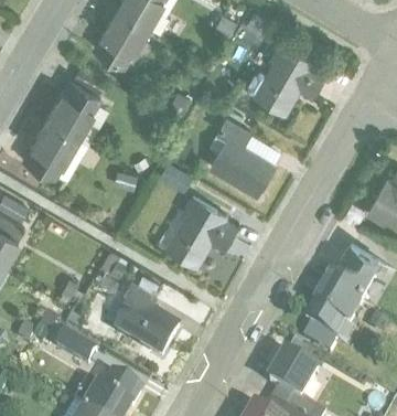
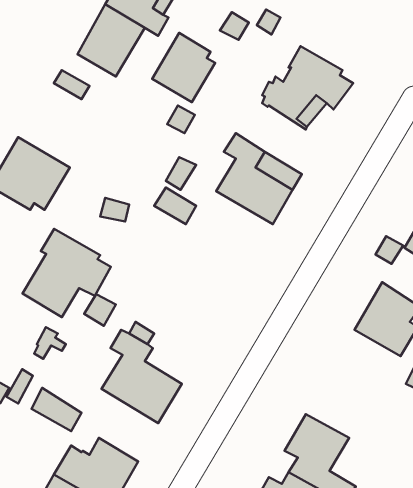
building: none -> [152,33,215,102]
building: [43,77,107,142] -> none
building: [163,191,237,265] -> [22,229,111,317]
building: [301,278,363,350] -> none

